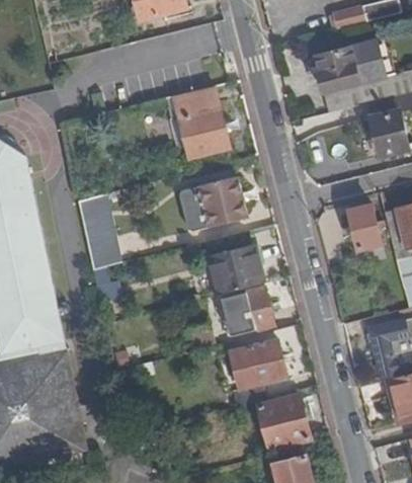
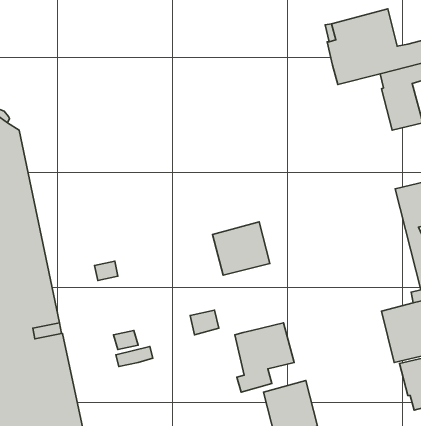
building: [165,85,228,158] -> none
building: [179,175,246,230] -> none
building: [77,191,120,269] -> none
building: [347,204,384,249] -> none
building: [221,287,273,335] -> none

